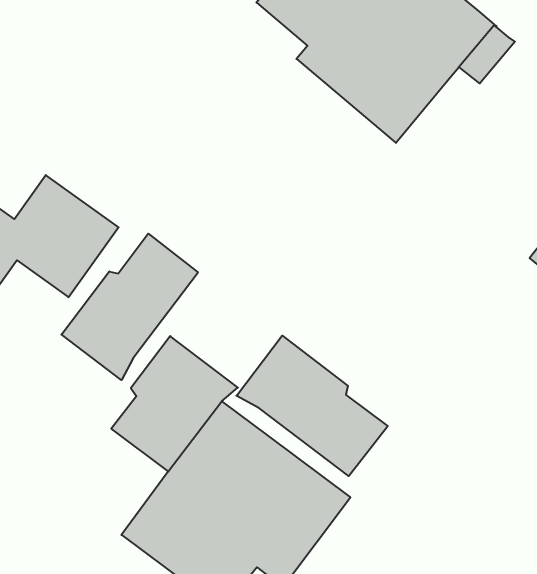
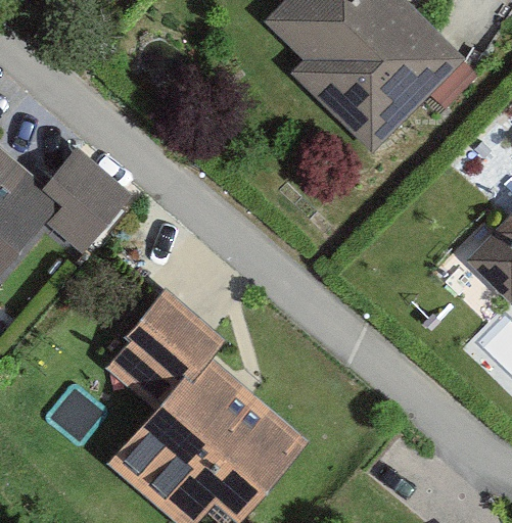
building: [61,234,198,380] -> none
building: [236,336,388,476] -> none

